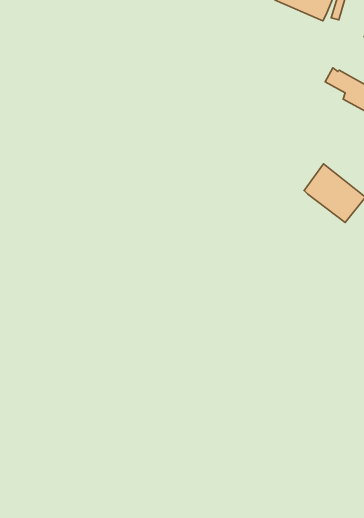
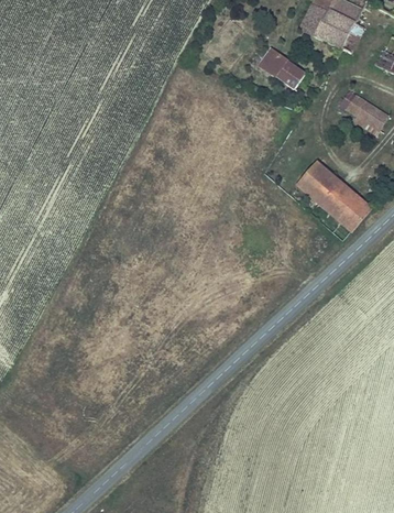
building: none -> [260,48,304,88]
building: none -> [297,162,335,208]

